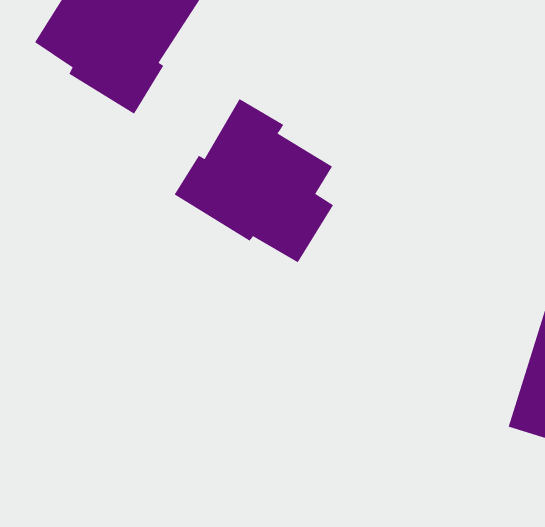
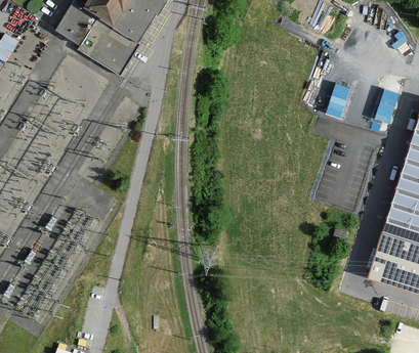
building: [174,98,334,263] -> none

